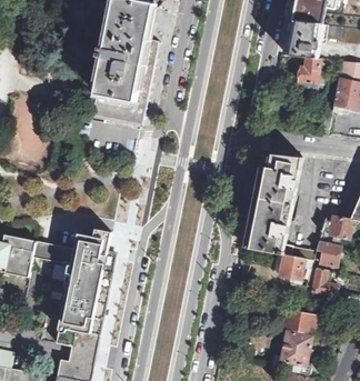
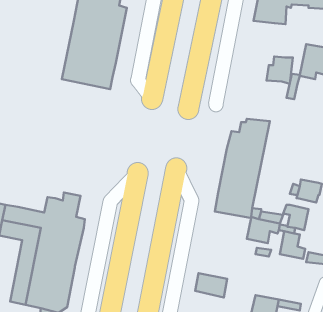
building: [298,58,324,86] -> [267,56,293,84]
building: [282,309,314,333] -> [195,273,227,298]

